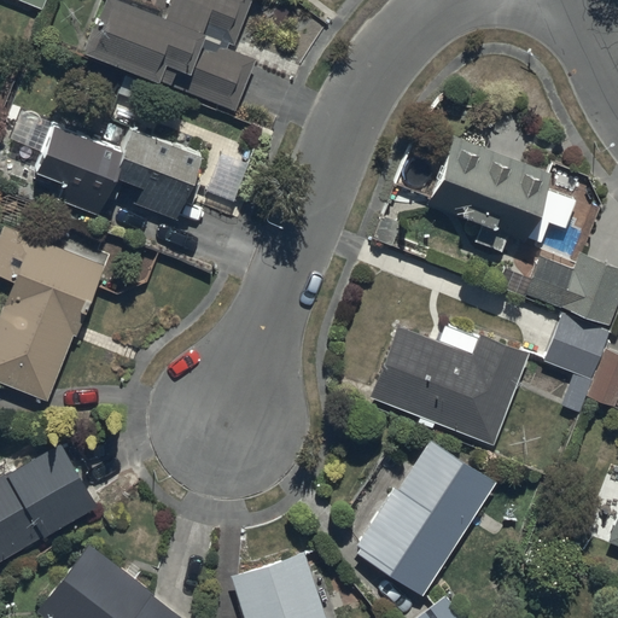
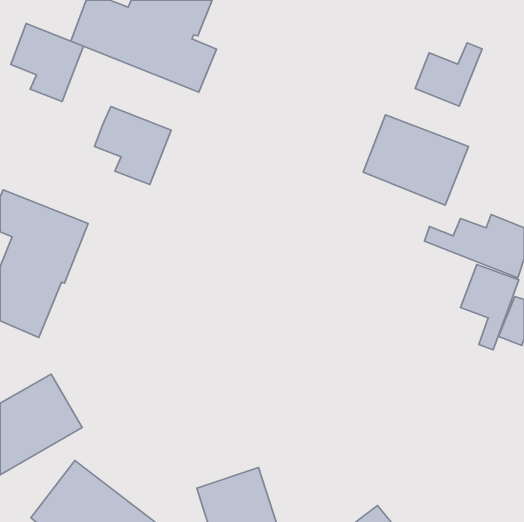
building: none -> [415,43,482,106]
building: [35,123,121,215] -> [11,24,84,102]
building: [371,327,530,448] -> none
building: [356,441,495,596] -> none

